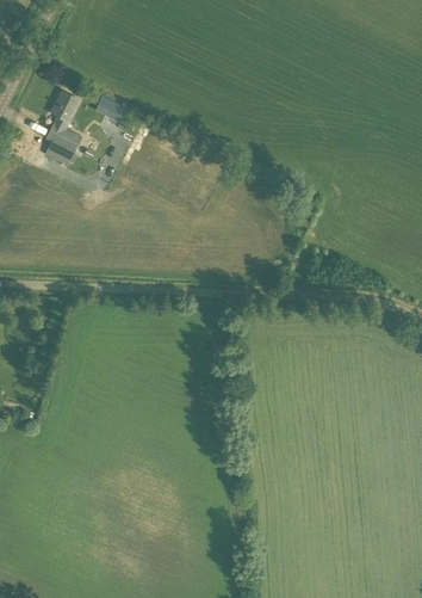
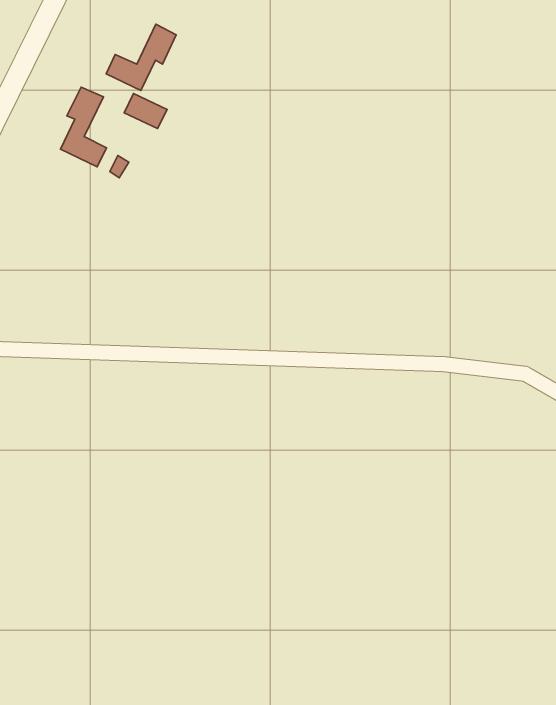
building: none -> [106,24,176,90]

